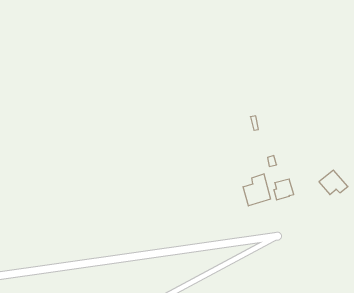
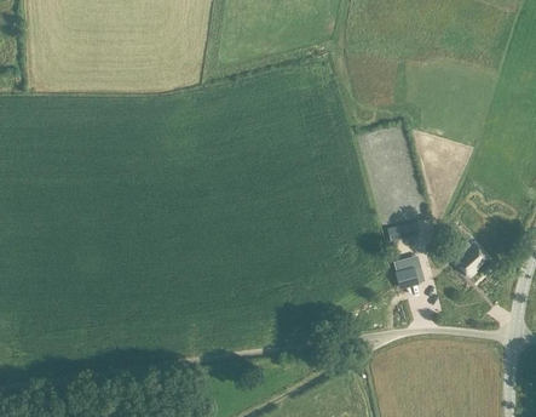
building: [243,174,271,206] -> none

